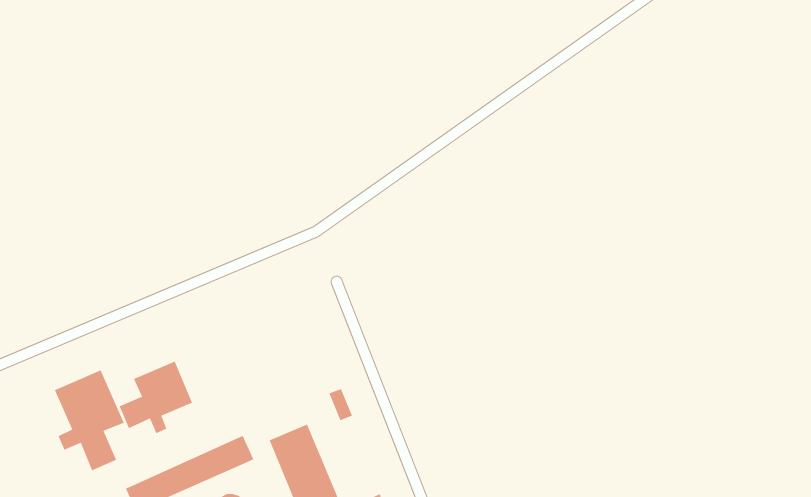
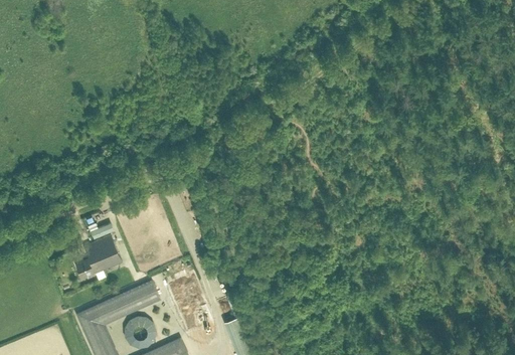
building: [54,369,124,471] -> none

